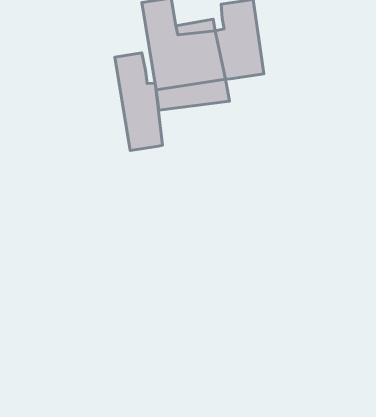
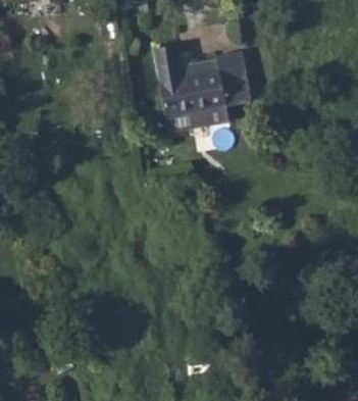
building: [115,53,163,150] -> none

